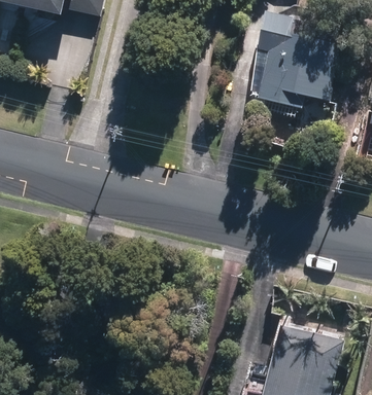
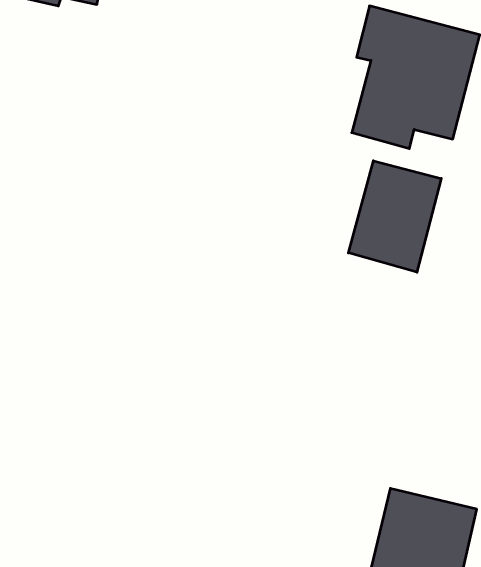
building: none -> [348,161,441,272]

